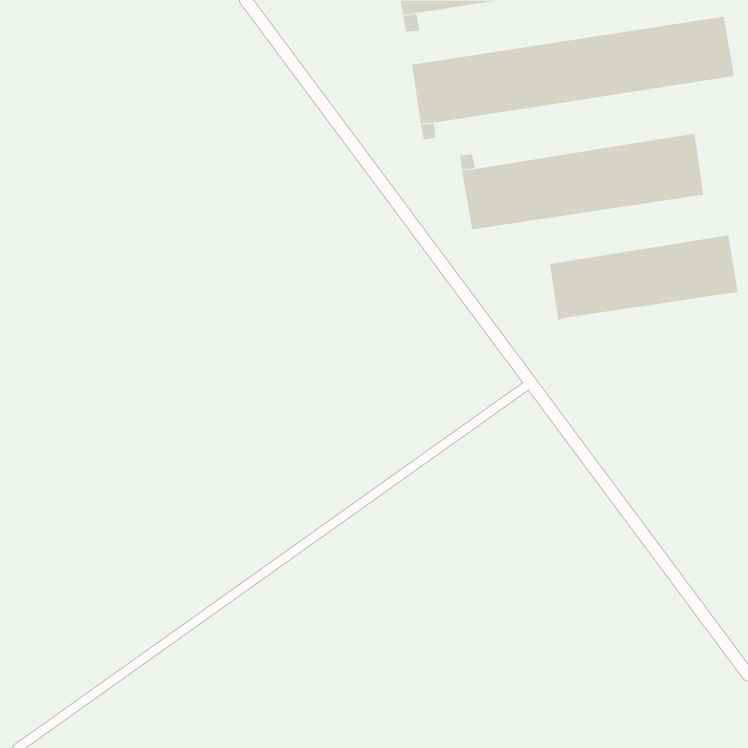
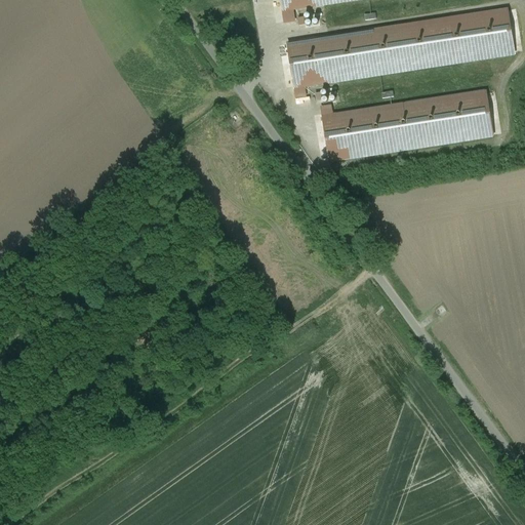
building: [550,235,738,320] -> none

